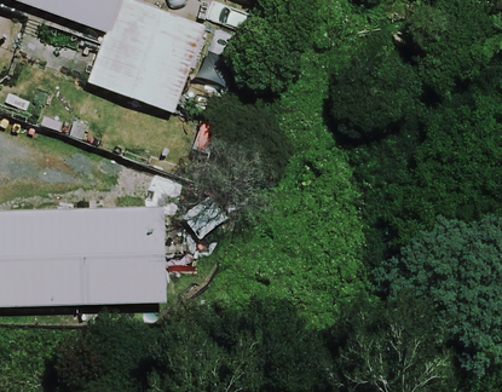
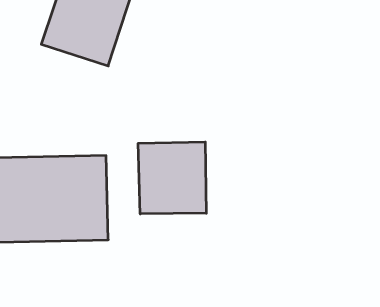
building: none -> [138,142,206,214]

